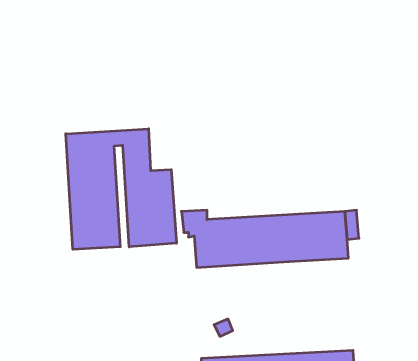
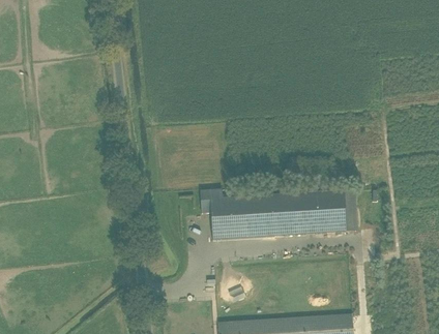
building: [66,129,176,249] -> none

